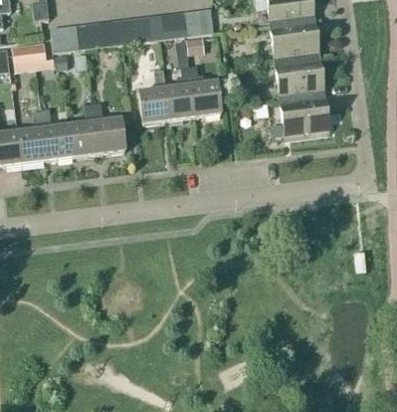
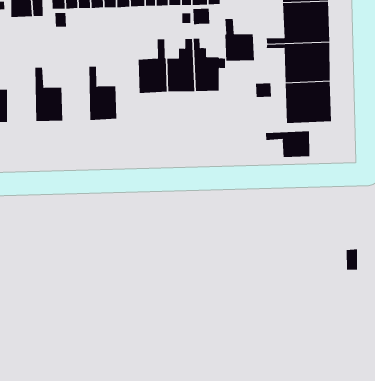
building: none -> [225,18,254,61]
building: [69,101,98,156] -> none
building: [18,108,47,162] -> none
building: none -> [266,130,310,158]

